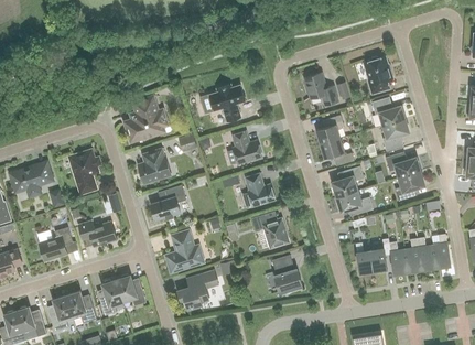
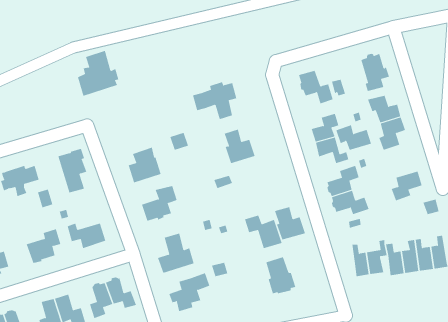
building: [126,96,166,141] -> [77,50,119,96]
building: [386,152,421,177] -> [336,125,372,150]
building: [245,173,276,206] -> [274,206,306,240]

